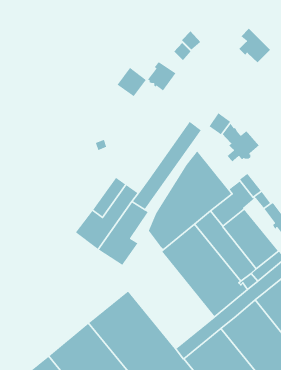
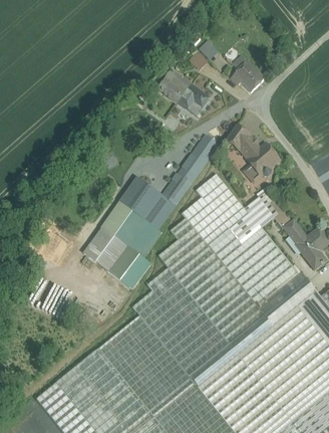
building: [239,28,271,63] -> [230,55,264,92]
building: [117,67,147,97] -> [177,84,209,117]
building: none -> [126,178,161,211]
building: none -> [133,267,231,376]

